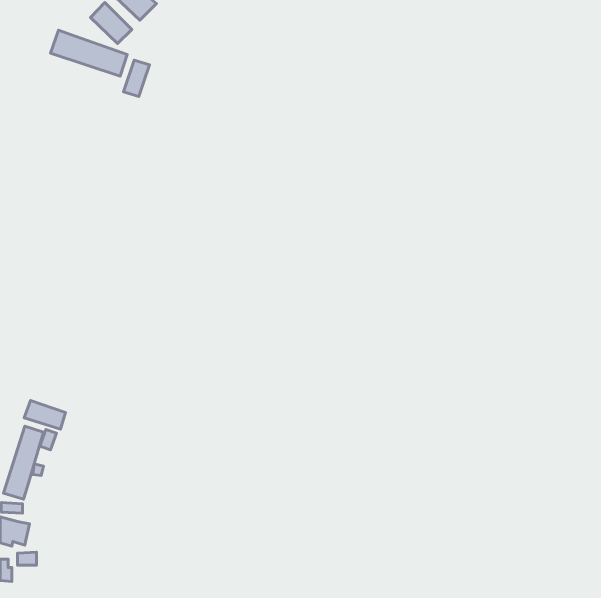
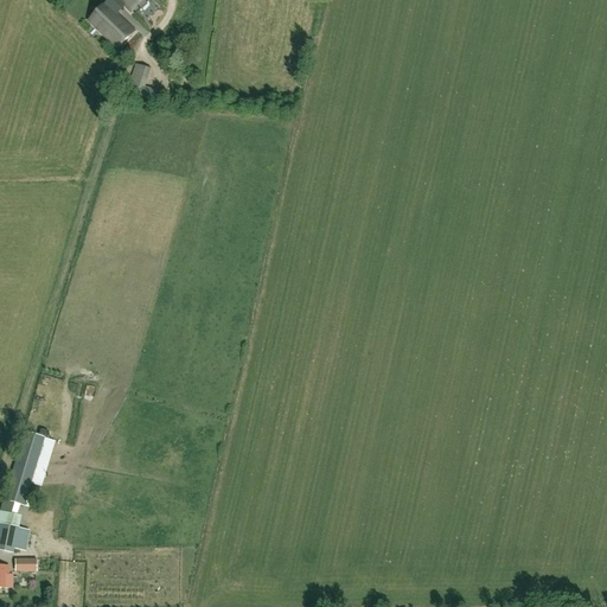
building: [50,30,127,76] -> none
building: [24,401,66,429] -> none

